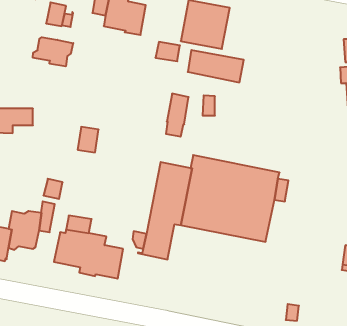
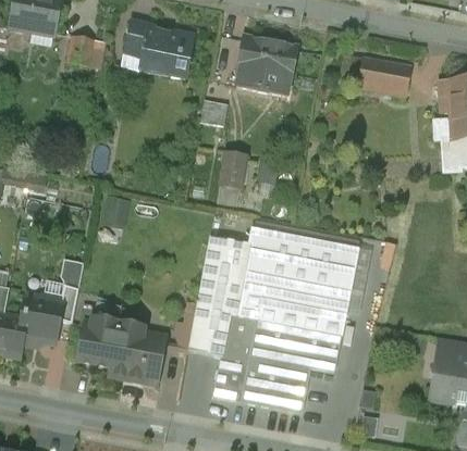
building: [33,37,73,66] -> none
building: [188,50,244,82] -> [340,53,409,93]
building: none -> [211,312,341,412]

